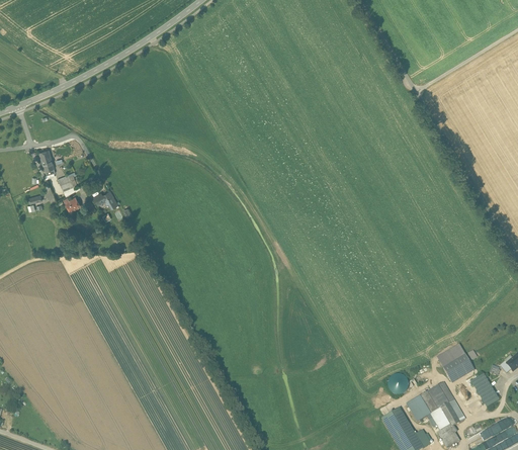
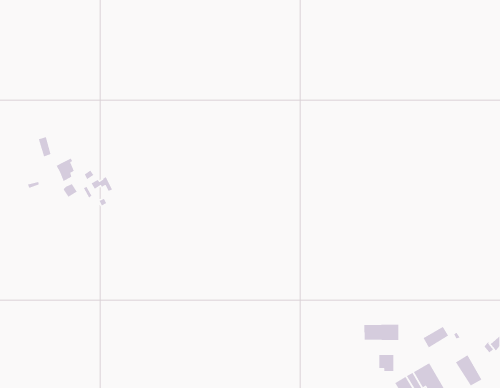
building: none -> [363,324,399,341]
building: [443,354,472,379] -> none

